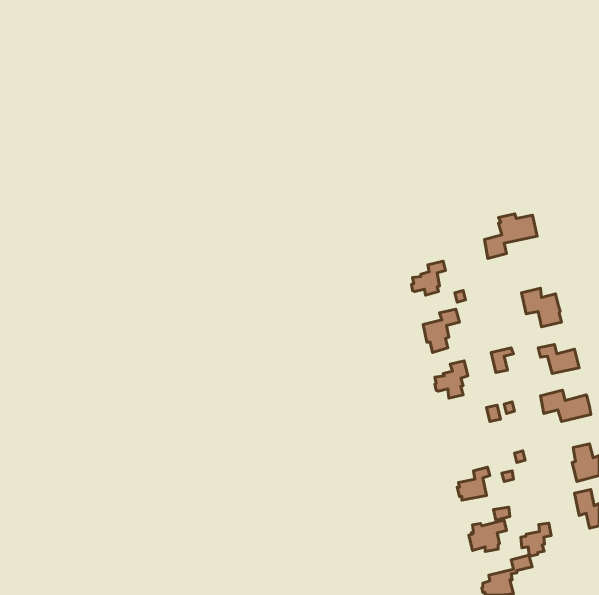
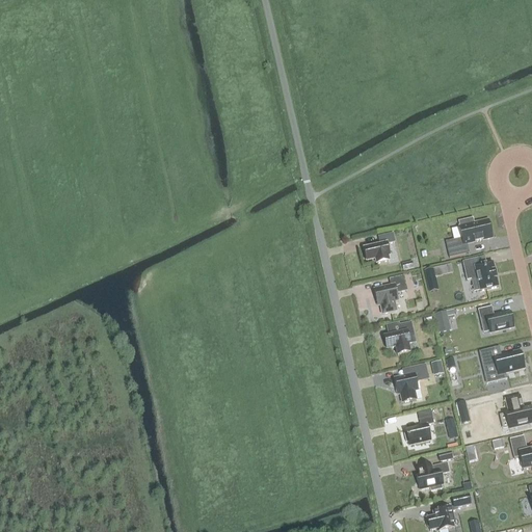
building: [484,214,537,258] -> [446,217,493,257]
building: none -> [395,363,429,401]
building: [521,523,551,556] -> none

